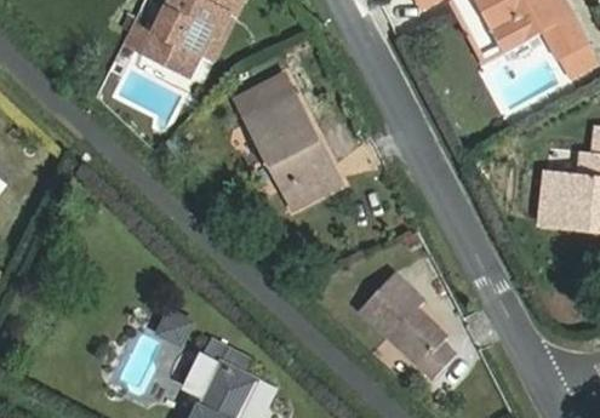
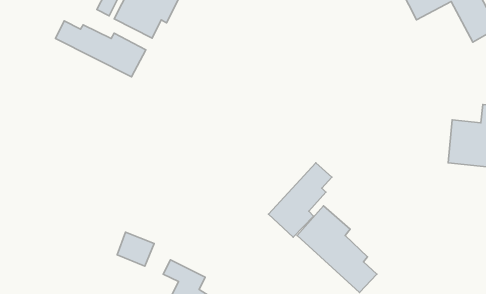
building: none -> [56,21,146,77]
building: [235,74,341,207] -> none
building: none -> [269,163,332,237]

